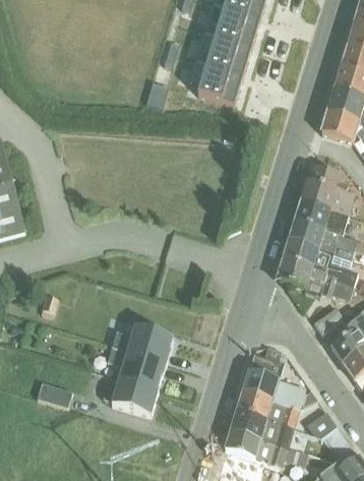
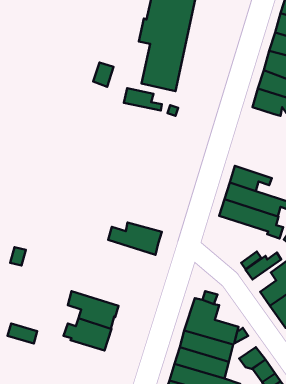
building: none -> [124,88,162,111]
building: [301,163,356,216] -> none
building: [278,258,353,299] -> none
building: [111,325,173,363] -> [108,222,162,255]

